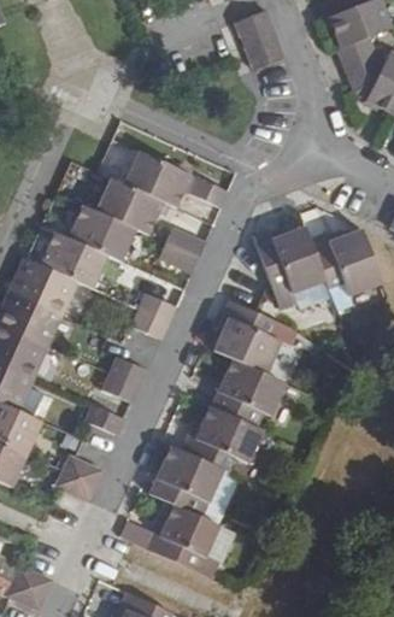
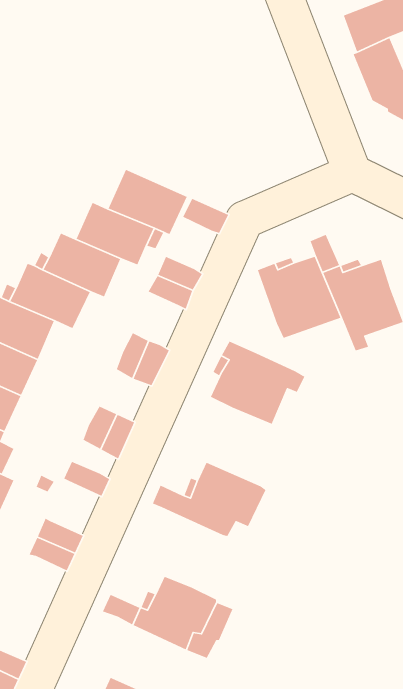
building: [234,10,284,69] -> none
building: [210,359,286,427] -> none
building: [148,446,223,515] -> none

